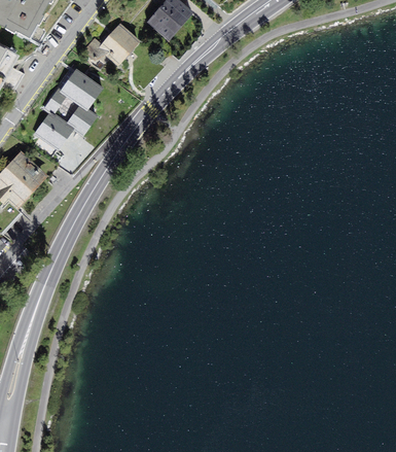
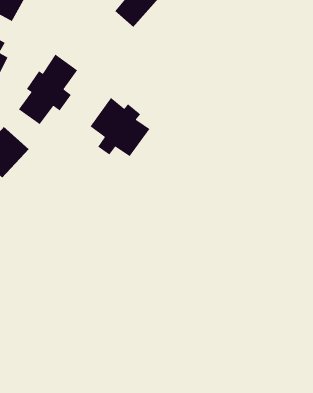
building: [81,23,143,66] -> none
building: none -> [90,97,150,157]

